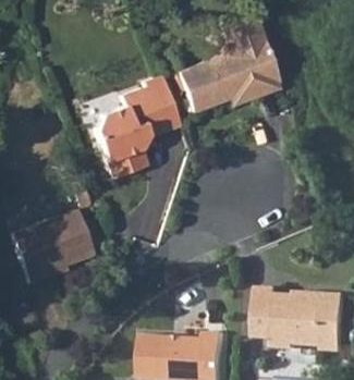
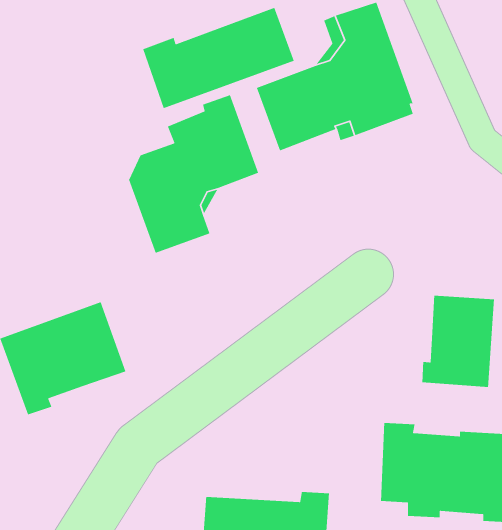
building: none -> [142,7,295,109]
building: none -> [422,295,495,388]

